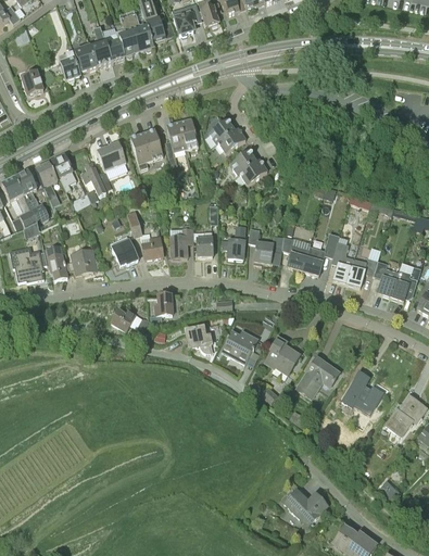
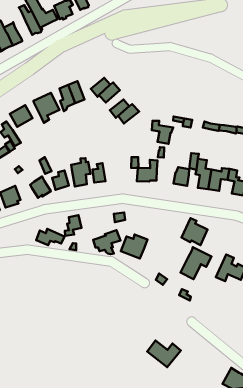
building: [117,13,139,56] -> none
building: [220,226,244,258] -> none
building: [281,237,310,269] -> [152,121,173,144]
building: [263,337,299,374] -> [181,218,208,245]
building: [282,488,327,525] -> [147,341,181,367]

